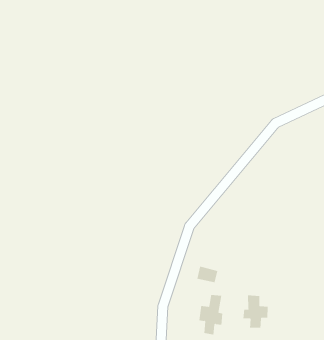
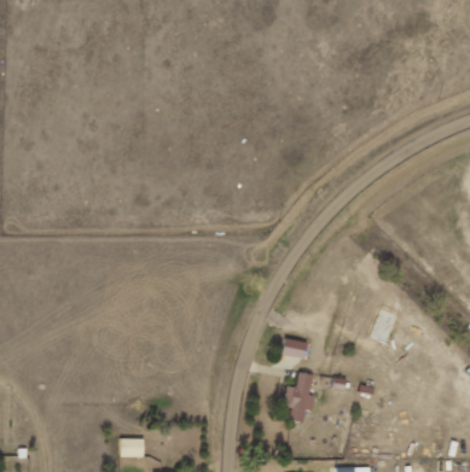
building: [243,295,268,328] -> none

